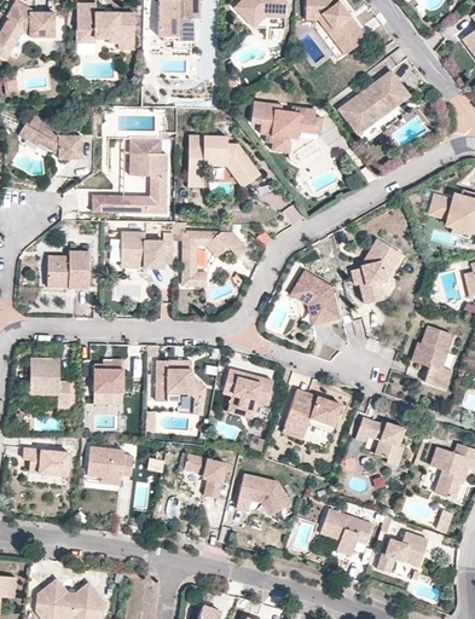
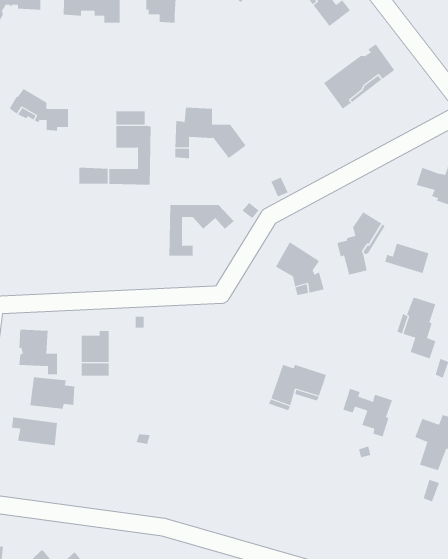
building: [251,100,324,154] -> none
building: [120,231,163,267] -> none
building: [46,250,88,288] -> none
building: none -> [384,243,429,274]
building: [157,360,207,401] -> none
building: [221,368,272,418] -> none
building: [88,446,134,479] -> [30,377,75,409]
building: [183,452,225,497] -> none
building: [236,474,290,515] -> none
building: [319,509,372,556] -> none
building: [377,531,428,573] -> none

